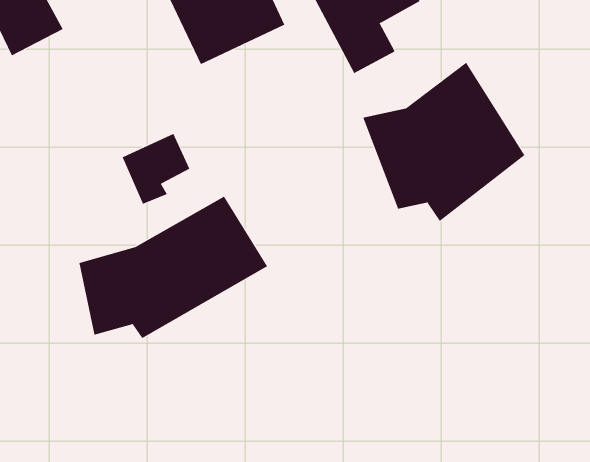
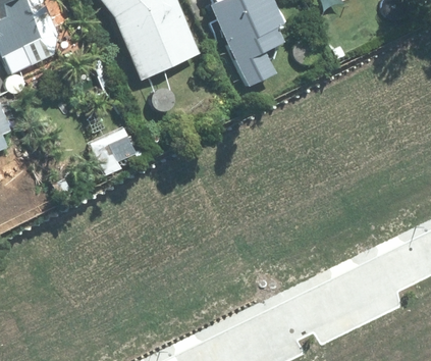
building: [362,62,525,222] -> none
building: [79,196,268,339] -> none

